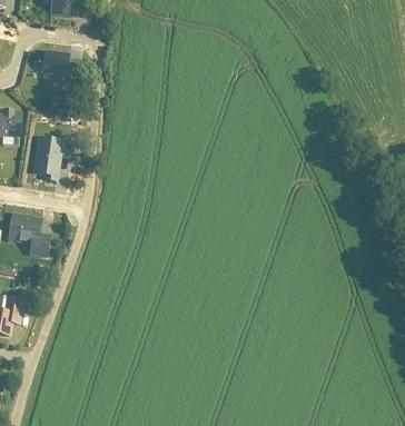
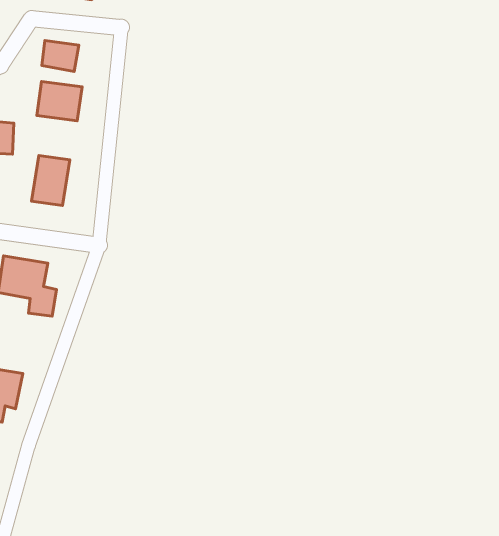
building: none -> [37,82,82,121]

